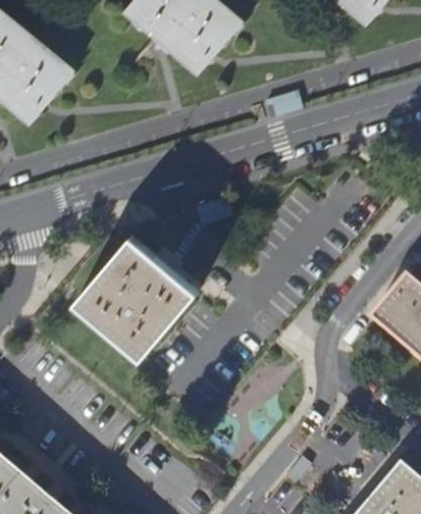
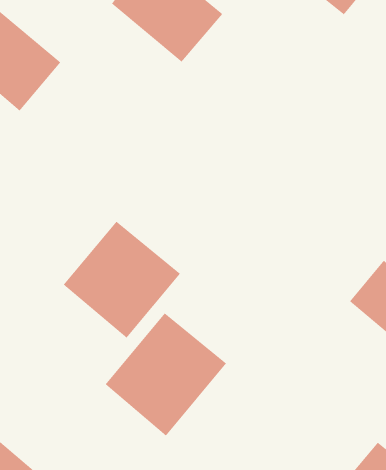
building: none -> [105,313,227,436]

